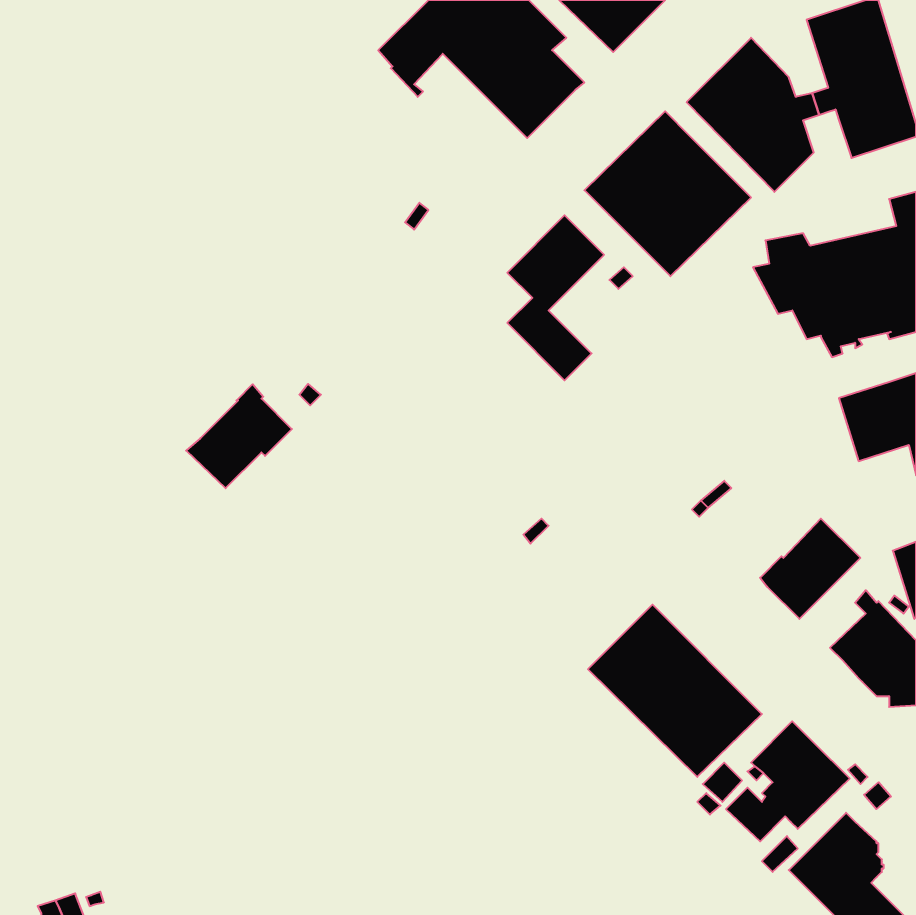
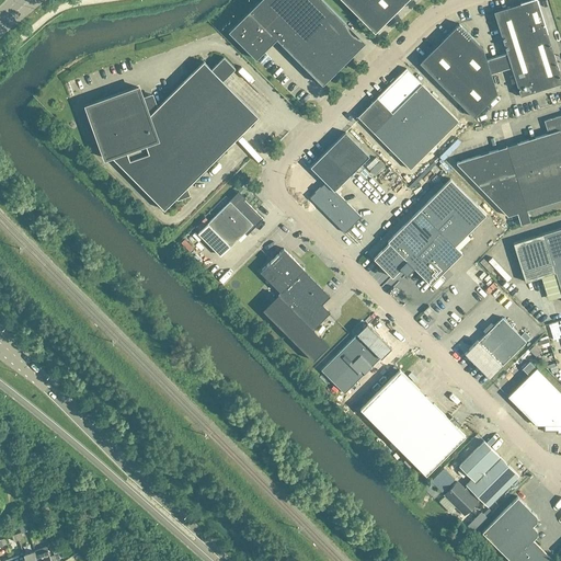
building: none -> [85,58,259,210]
building: none -> [374,180,485,285]
building: [186,384,292,488] -> [198,192,263,255]
building: none -> [260,249,330,360]
building: none -> [321,325,390,394]

